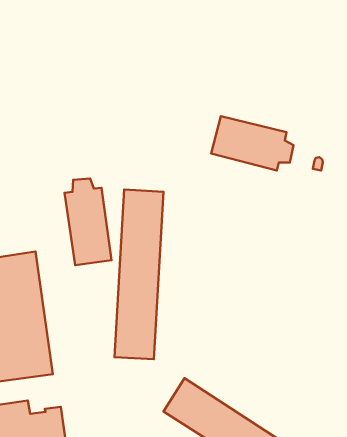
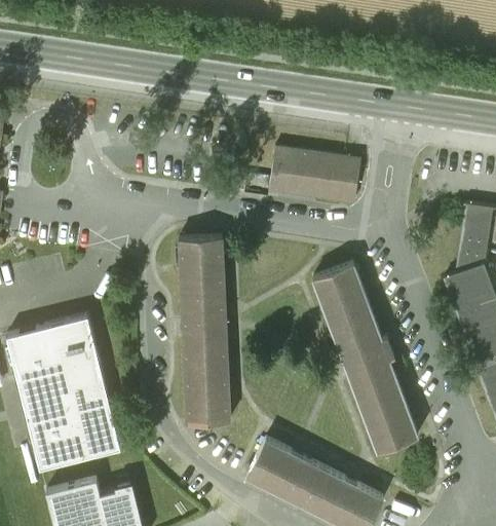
building: [65,178,111,265] -> none
building: none -> [313,264,418,453]

